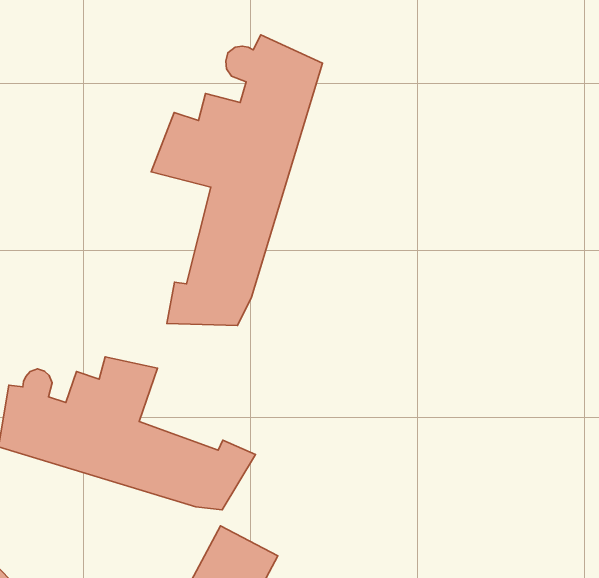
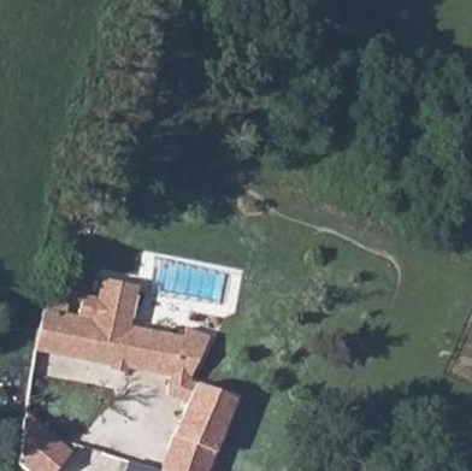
building: [151,35,323,326] -> none

